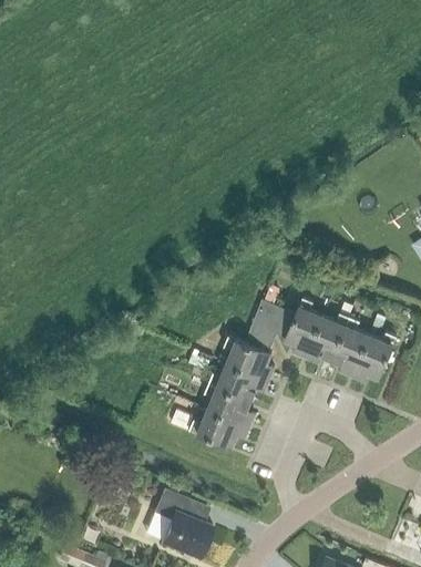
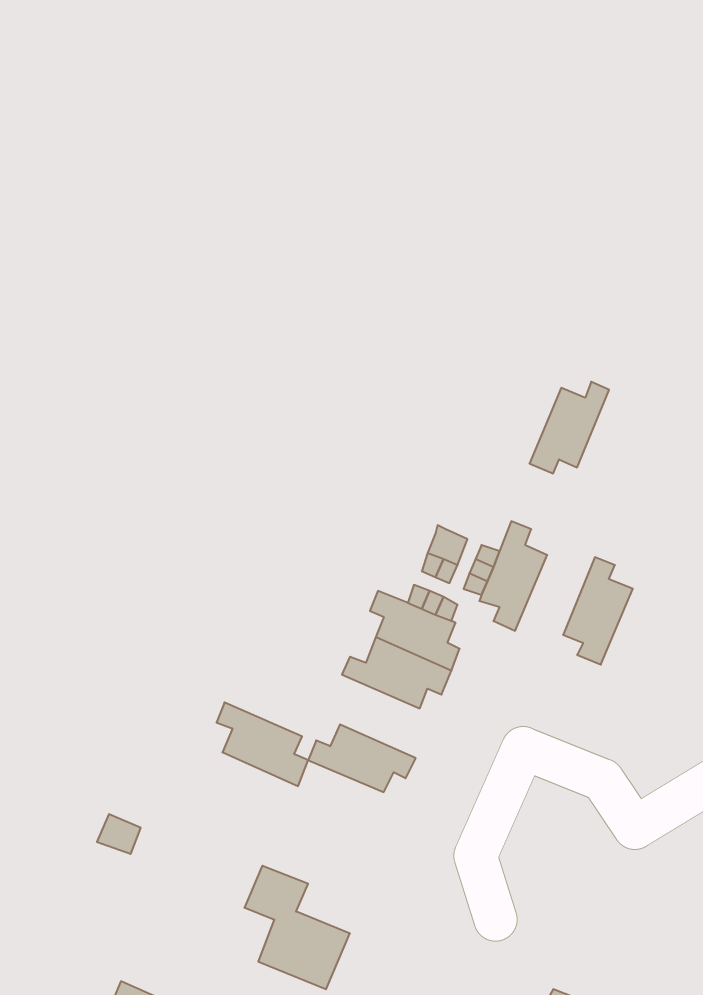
building: [305,312,349,363] -> [529,382,609,473]
building: [352,331,397,382] -> none
building: [204,382,255,429] -> [216,702,308,786]

